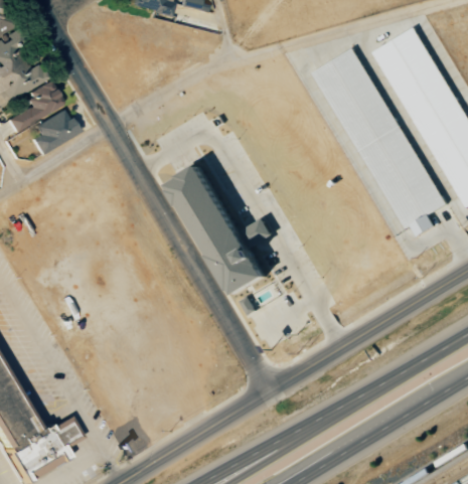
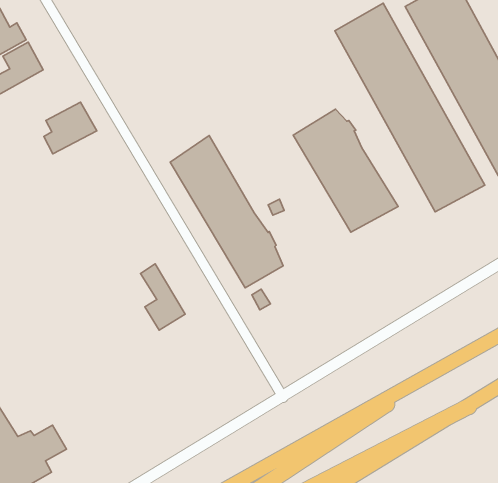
building: [28,110,74,155] -> [44,102,97,154]
building: none -> [293,109,398,232]
building: none -> [140,264,185,330]

